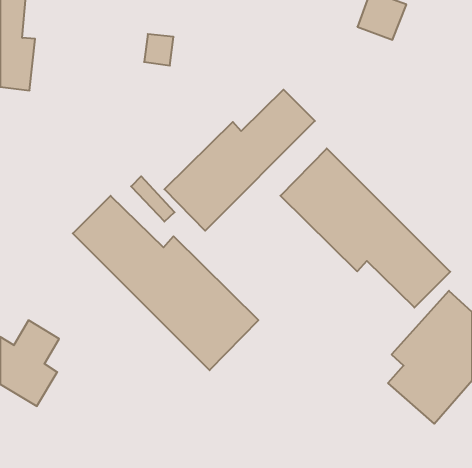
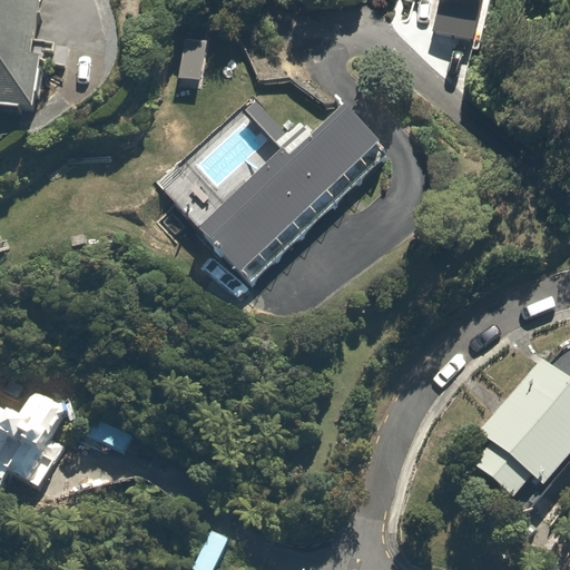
building: [280,148,450,308] -> none
building: [73,196,258,370] -> none

